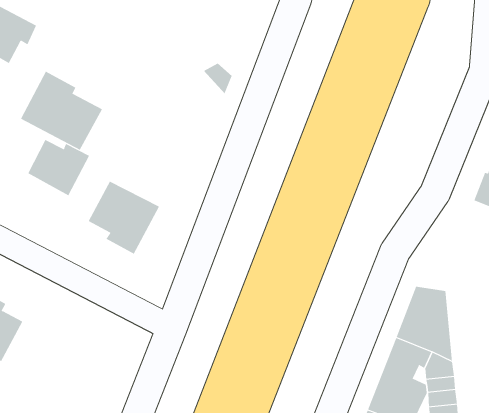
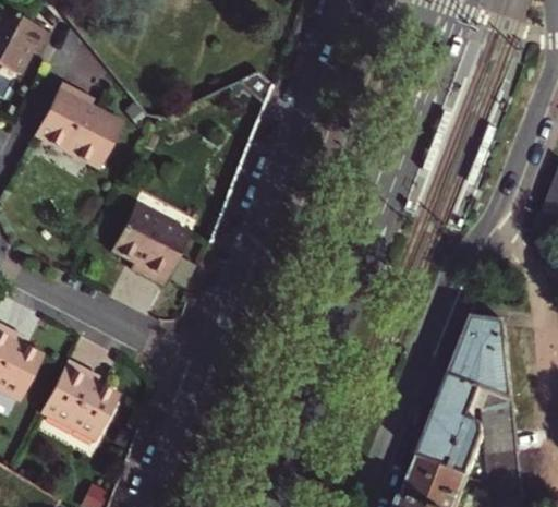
building: [27,139,90,196] -> none
building: none -> [33,362,113,444]

